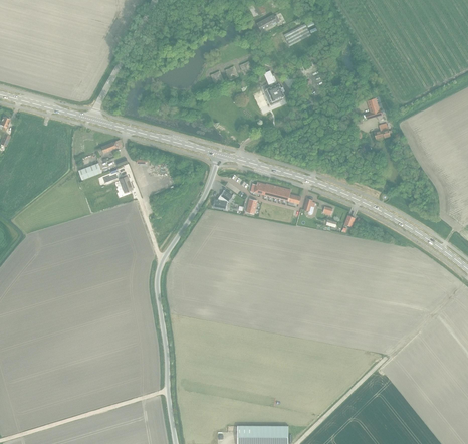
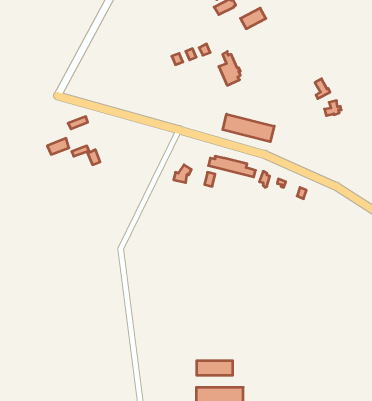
building: none -> [223,114,274,142]
building: none -> [197,361,233,375]

